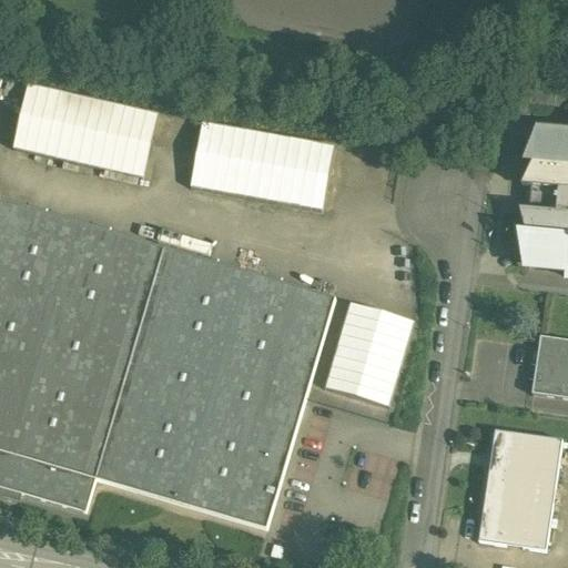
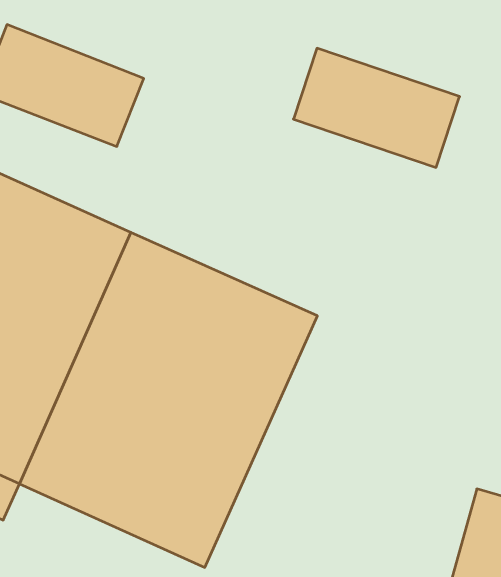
building: [195,125,337,215] -> [293,48,460,167]
building: [324,301,410,404] -> none

